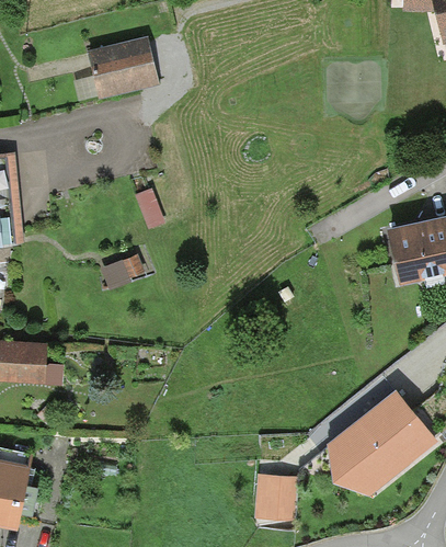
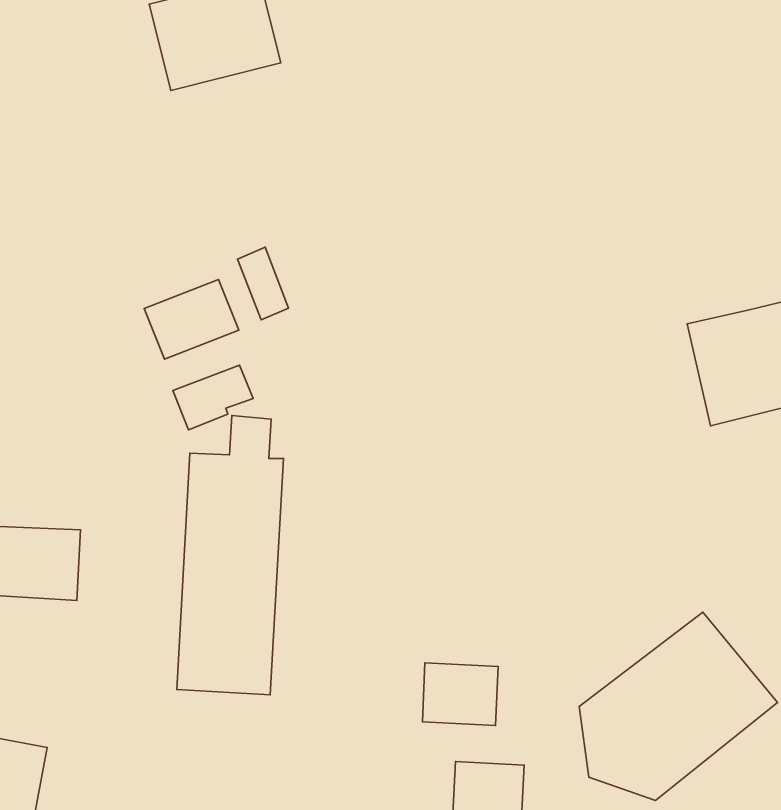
building: none -> [144,280,239,359]
building: none -> [177,415,283,695]
building: none -> [422,663,498,726]

